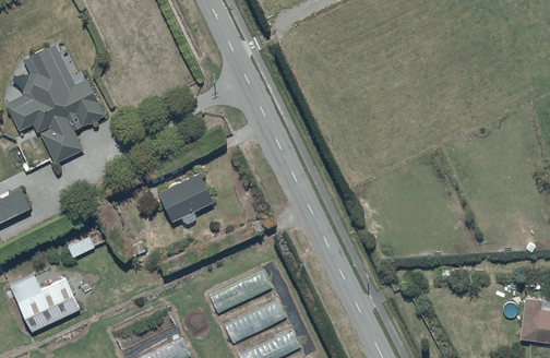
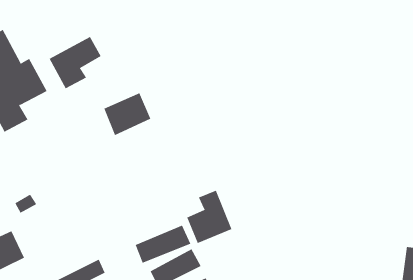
building: none -> [49,36,101,89]
building: [157,172,213,223] -> [103,93,151,136]
building: none -> [186,190,232,244]

